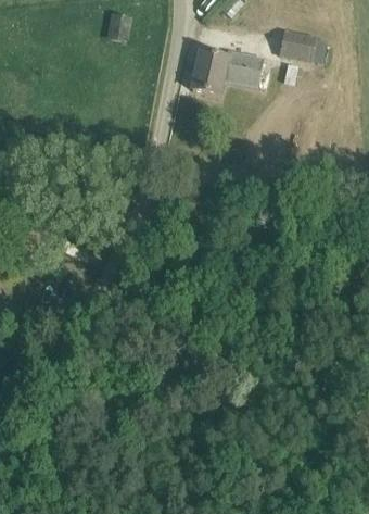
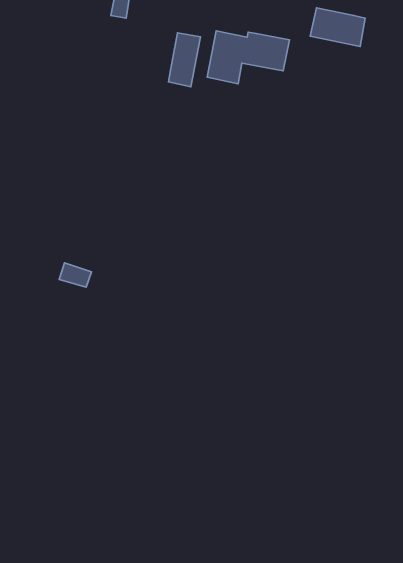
building: none -> [168,33,201,87]

